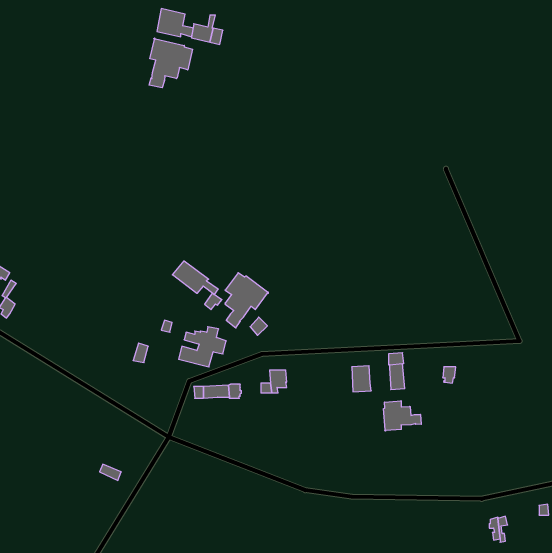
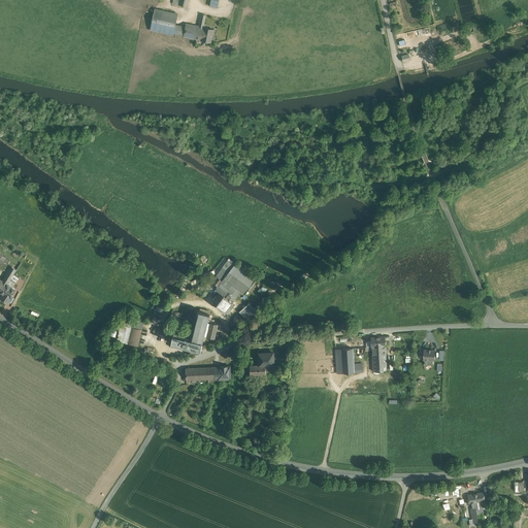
building: [149,38,192,88] -> none
building: [172,261,218,295] -> none
building: [384,401,421,431] -> none

